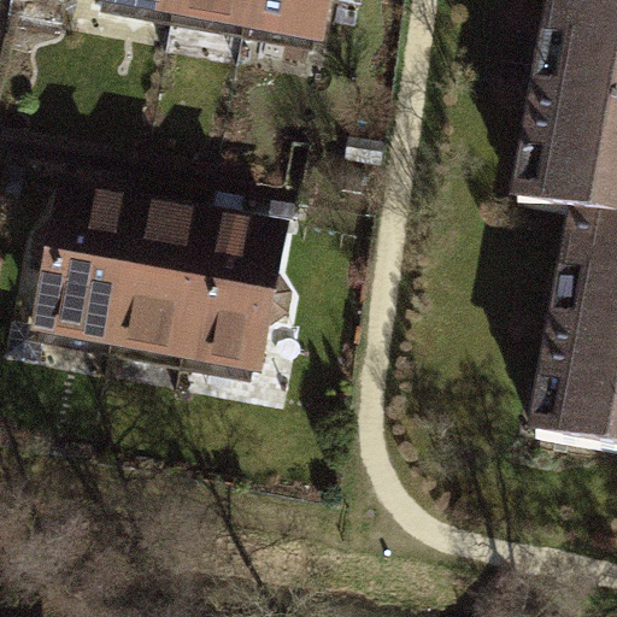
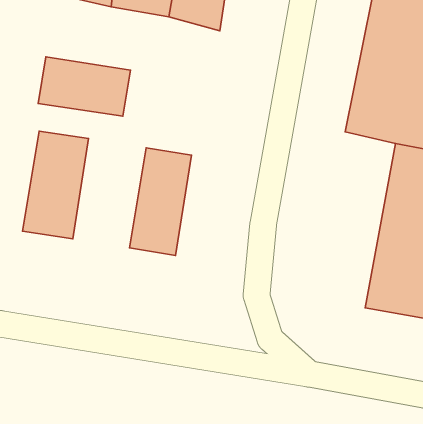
building: none -> [38,57,130,116]
building: [111,200,217,358] -> none

